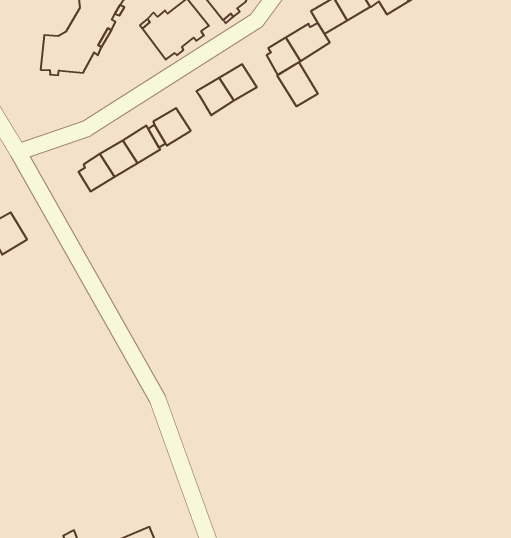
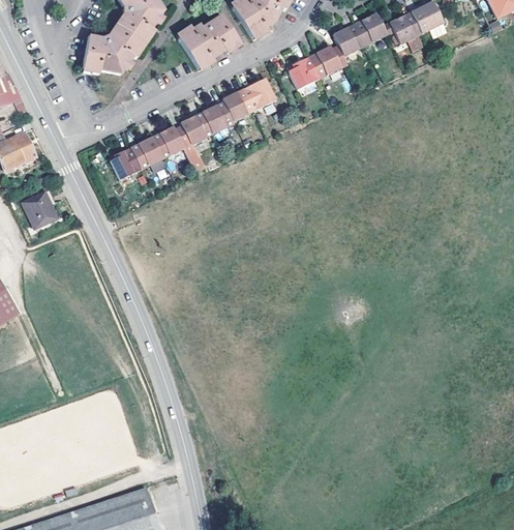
building: [277,62,318,106] -> none
building: none -> [203,101,235,134]

